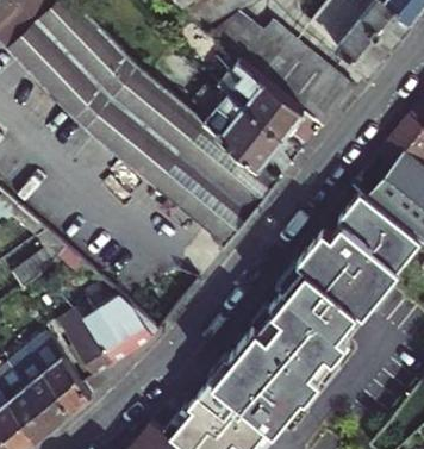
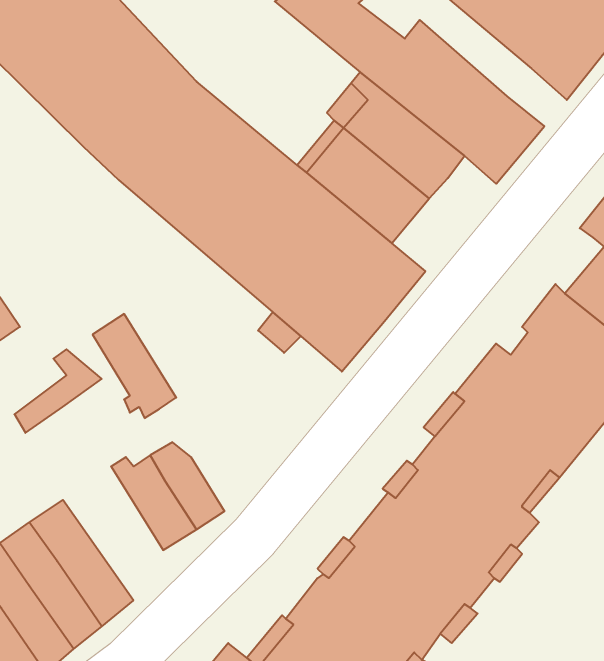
building: [57,307,111,374] -> [93,314,176,418]

